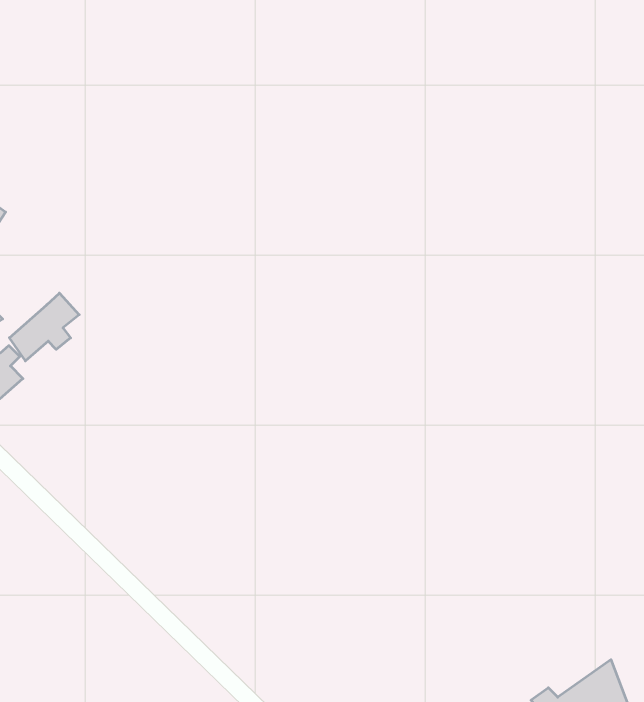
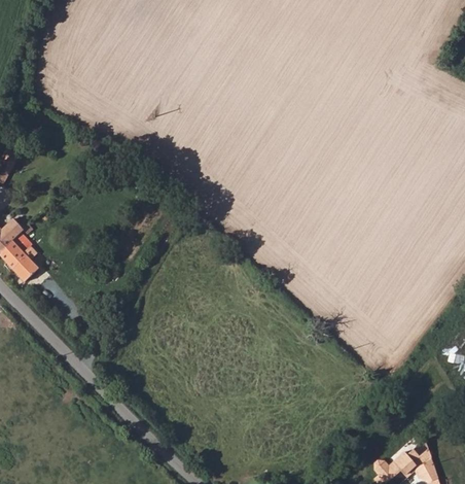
building: [9,293,79,361] -> none

